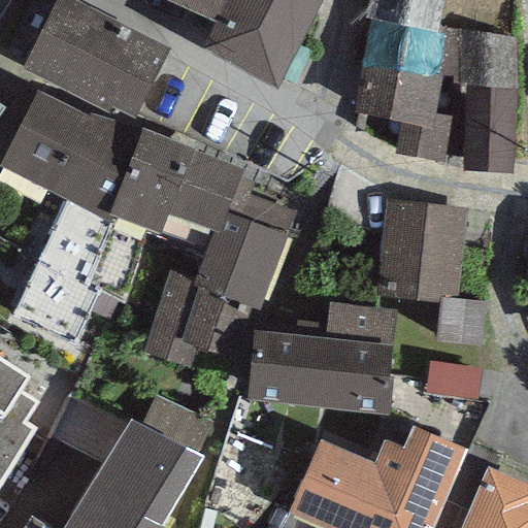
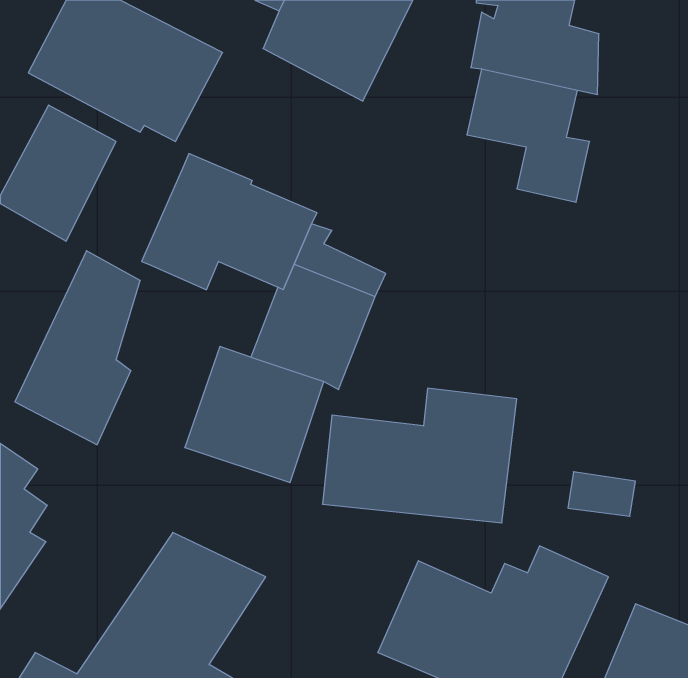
building: [457,34,518,177] -> none
building: [52,109,142,222] -> none
building: [375,202,470,303] -> none

